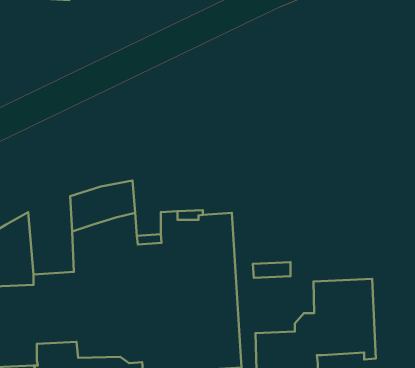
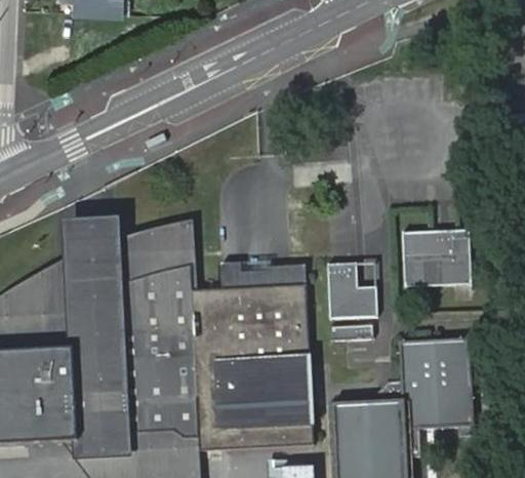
building: none -> [67,225,120,336]
building: none -> [402,229,471,283]
building: none -> [327,263,377,319]

